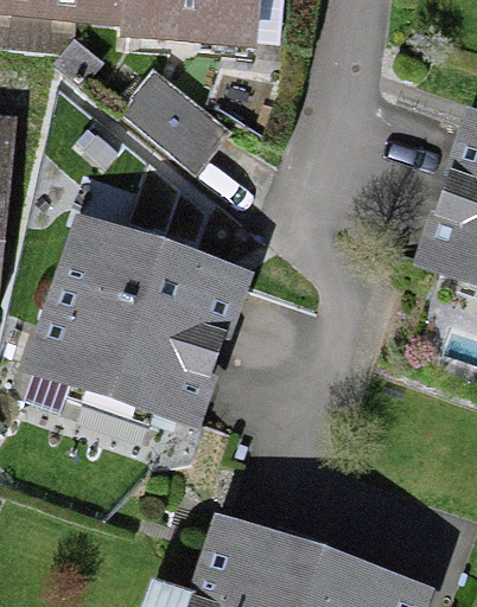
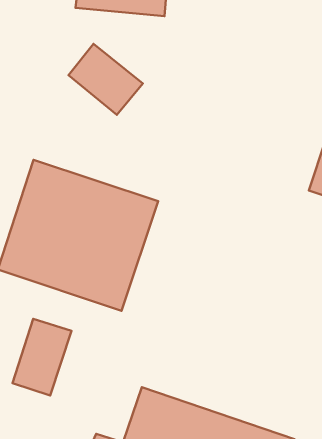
building: none -> [12,319,72,396]

